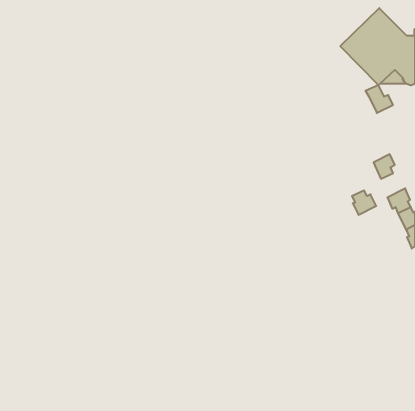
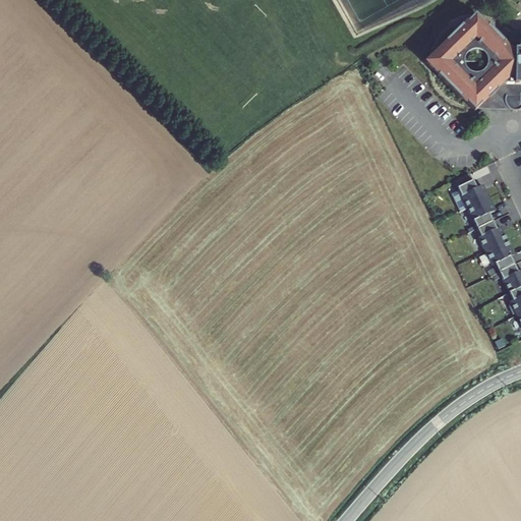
building: [365,85,393,113] -> [454,169,488,204]
building: [352,190,376,215] -> [477,217,508,247]

